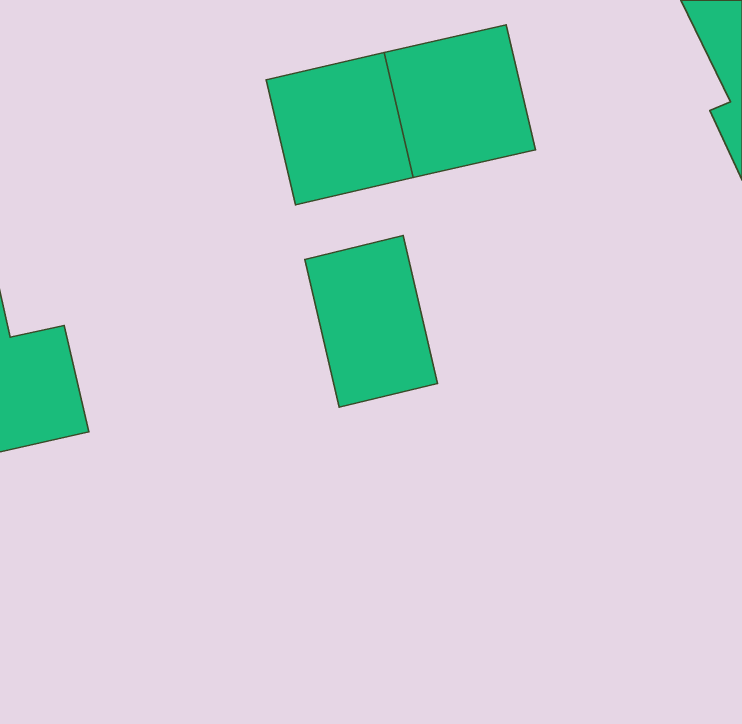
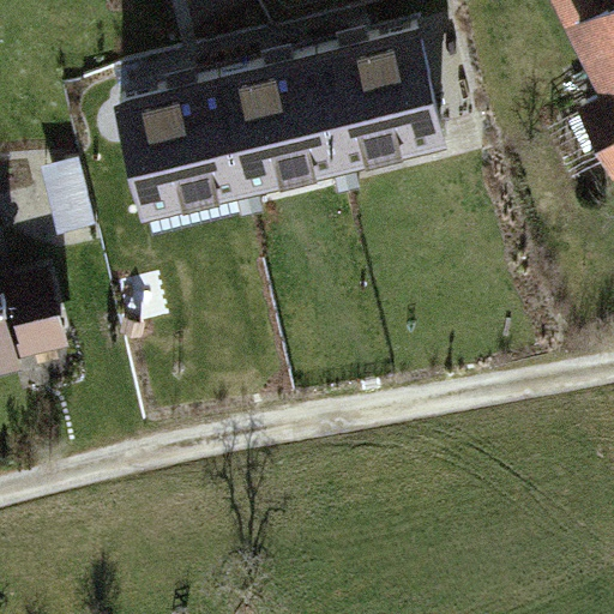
building: none -> [119,82,243,207]
building: [305,236,438,407] -> none

